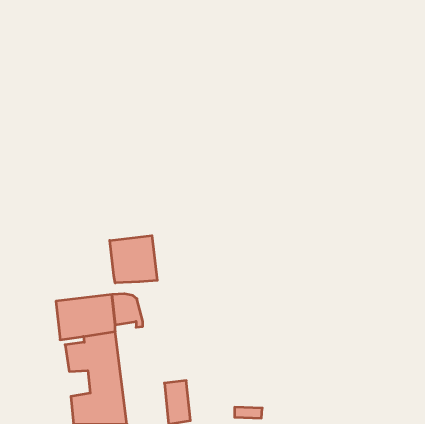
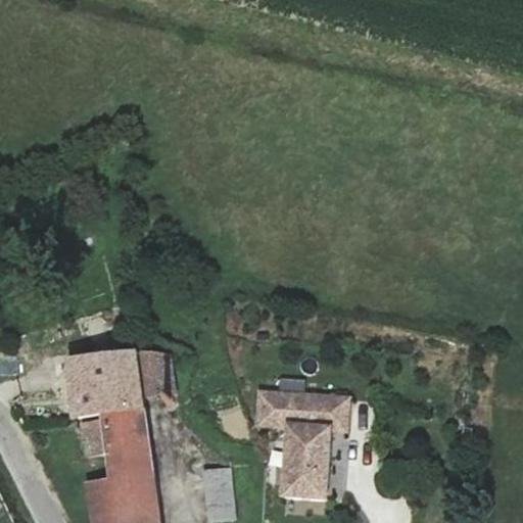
building: [110,236,157,283] -> none
building: none -> [256,388,348,495]

